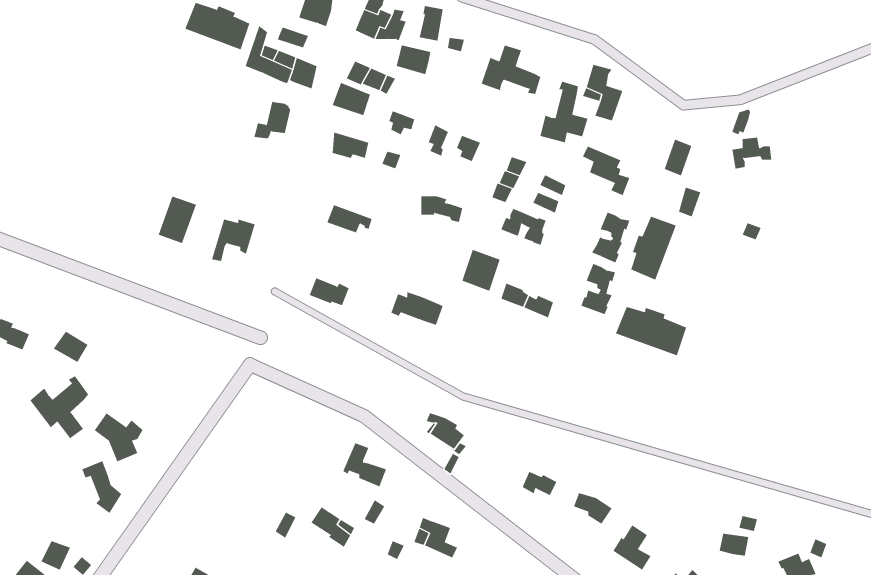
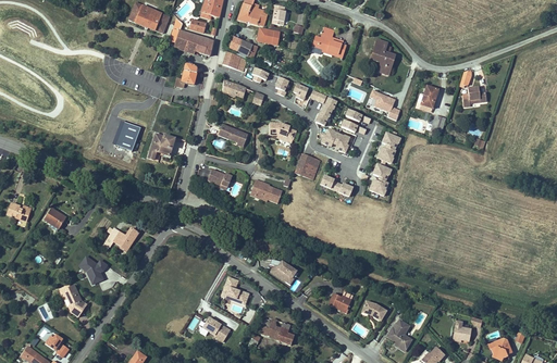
building: [540,81,588,143] -> none
building: [631,216,677,280] -> none
building: [615,306,687,356] -> none
building: none -> [108,225,143,250]
building: [29,376,89,439] -> none

